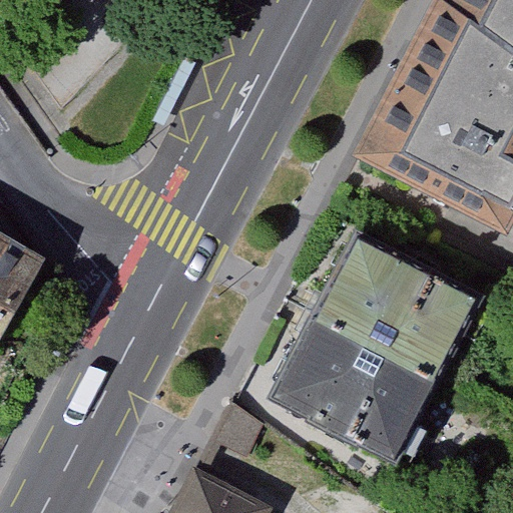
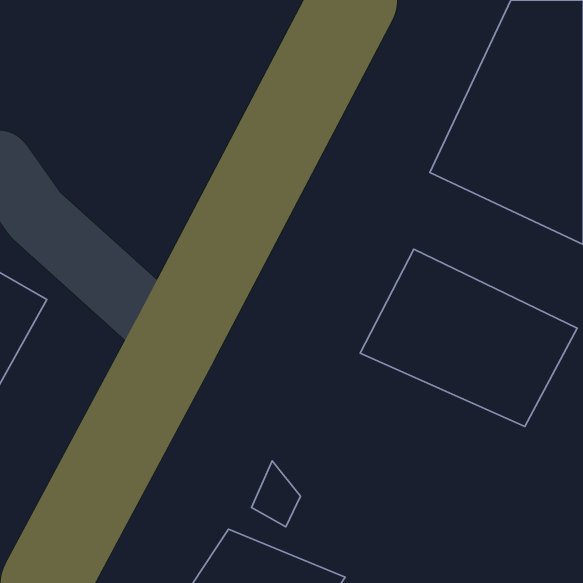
building: [268,311,460,471] -> none

